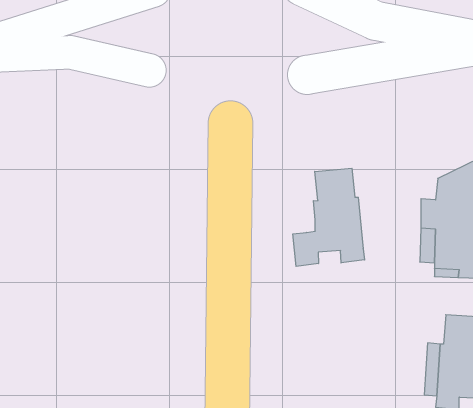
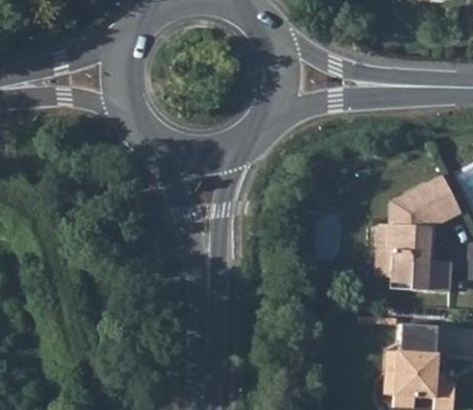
building: [293,168,365,266] -> none

